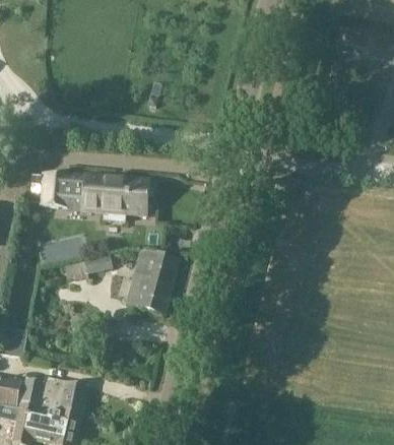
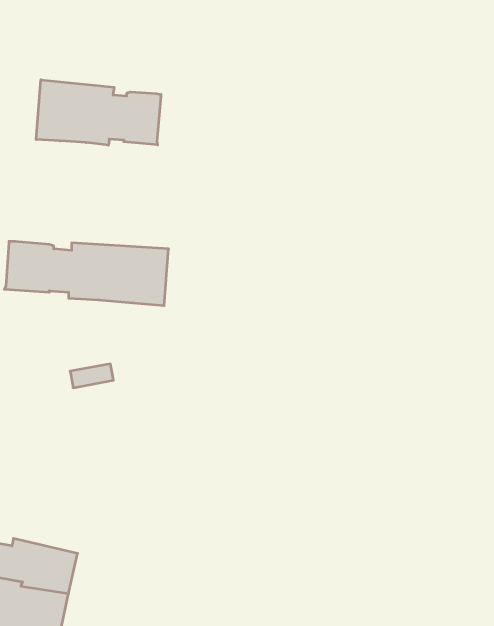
building: none -> [36,80,161,145]
building: [127,246,181,312] -> none

